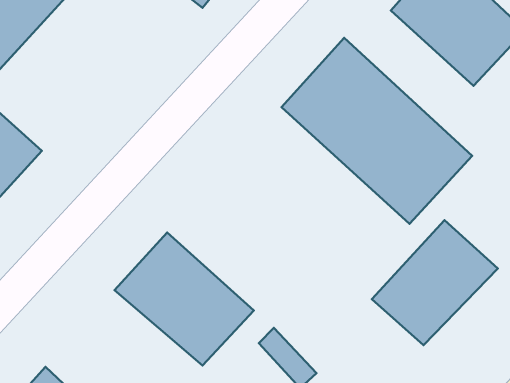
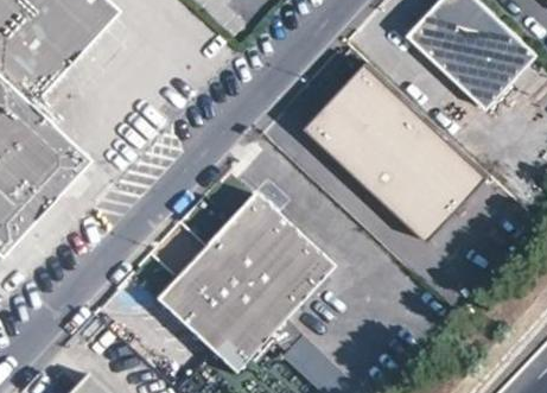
building: none -> [201,192,330,321]
building: [372,220,498,345] -> none

